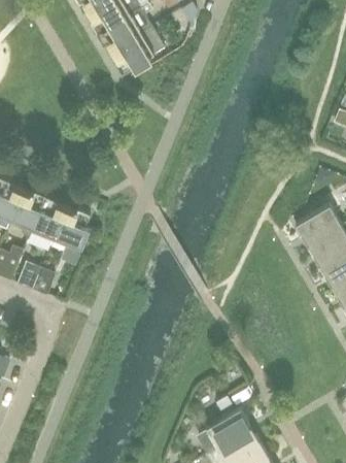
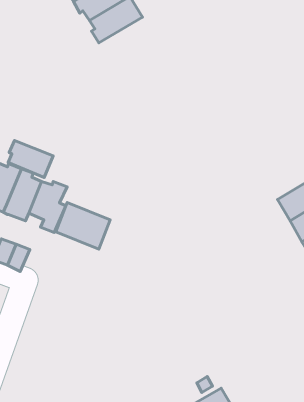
building: none -> [8,140,53,178]
building: none -> [56,203,110,249]

